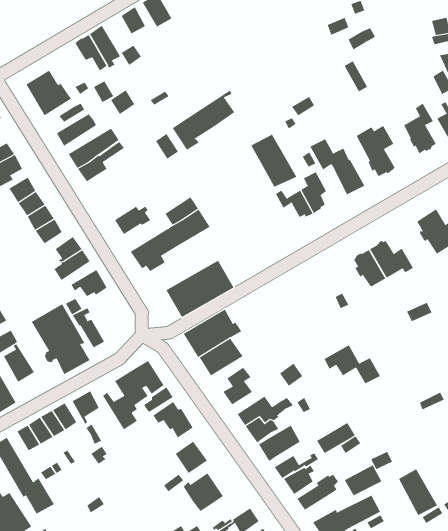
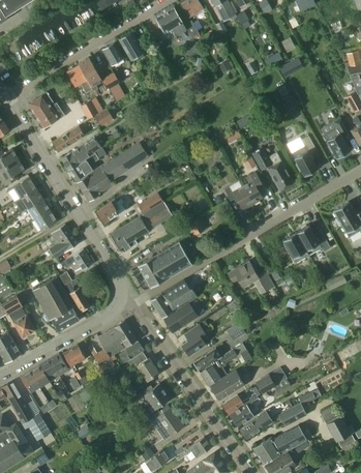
building: [172,90,235,150] -> [78,152,127,200]
building: [251,134,297,188] -> none
building: [324,344,381,384] -> [229,261,273,292]

